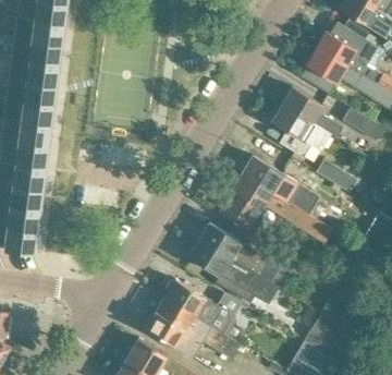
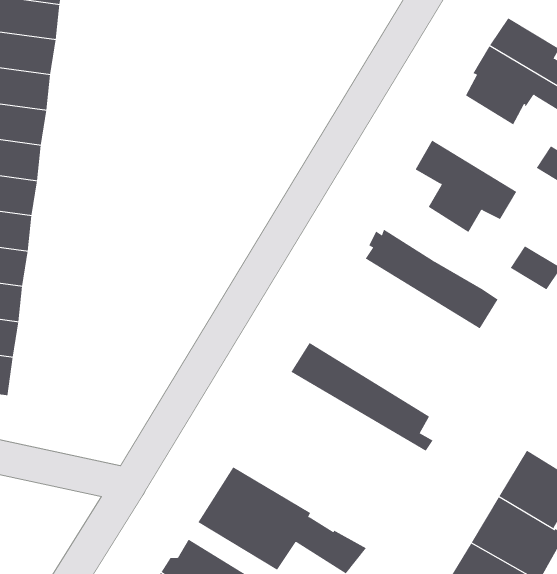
building: [281,87,343,137] -> none
building: [218,173,335,242] -> none
building: [187,240,278,305] -> none
building: [164,280,231,334] -> none

